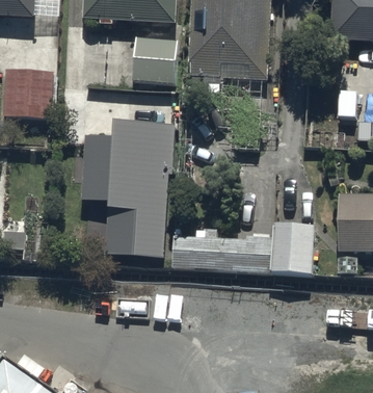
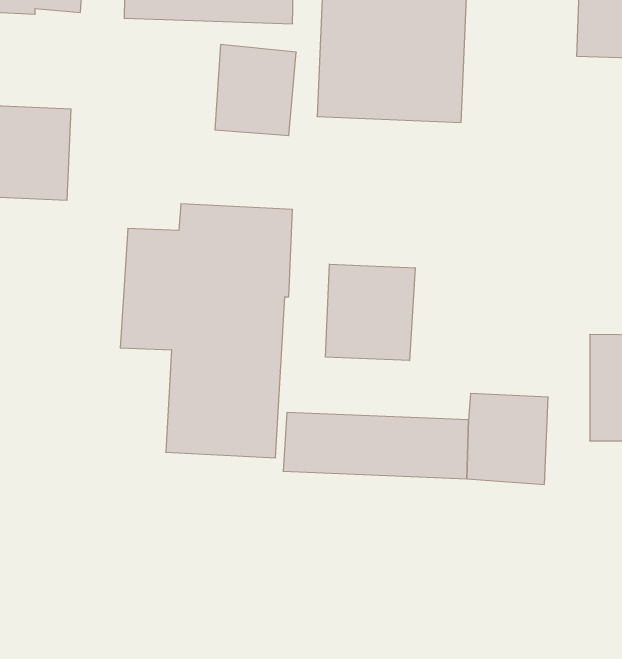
building: none -> [326,264,415,361]

